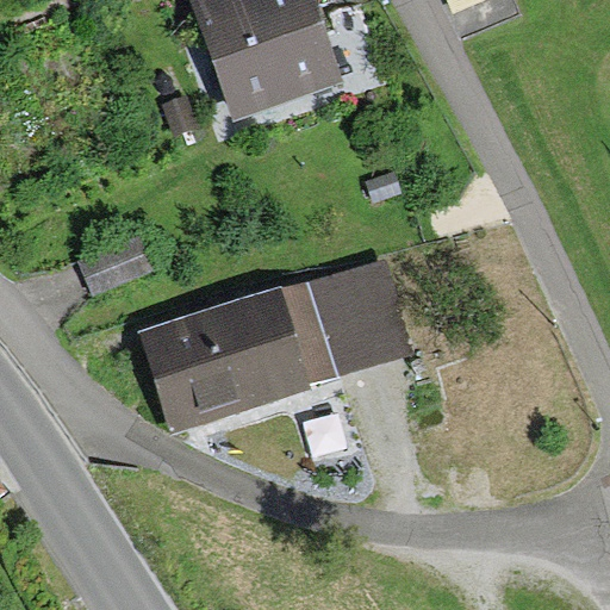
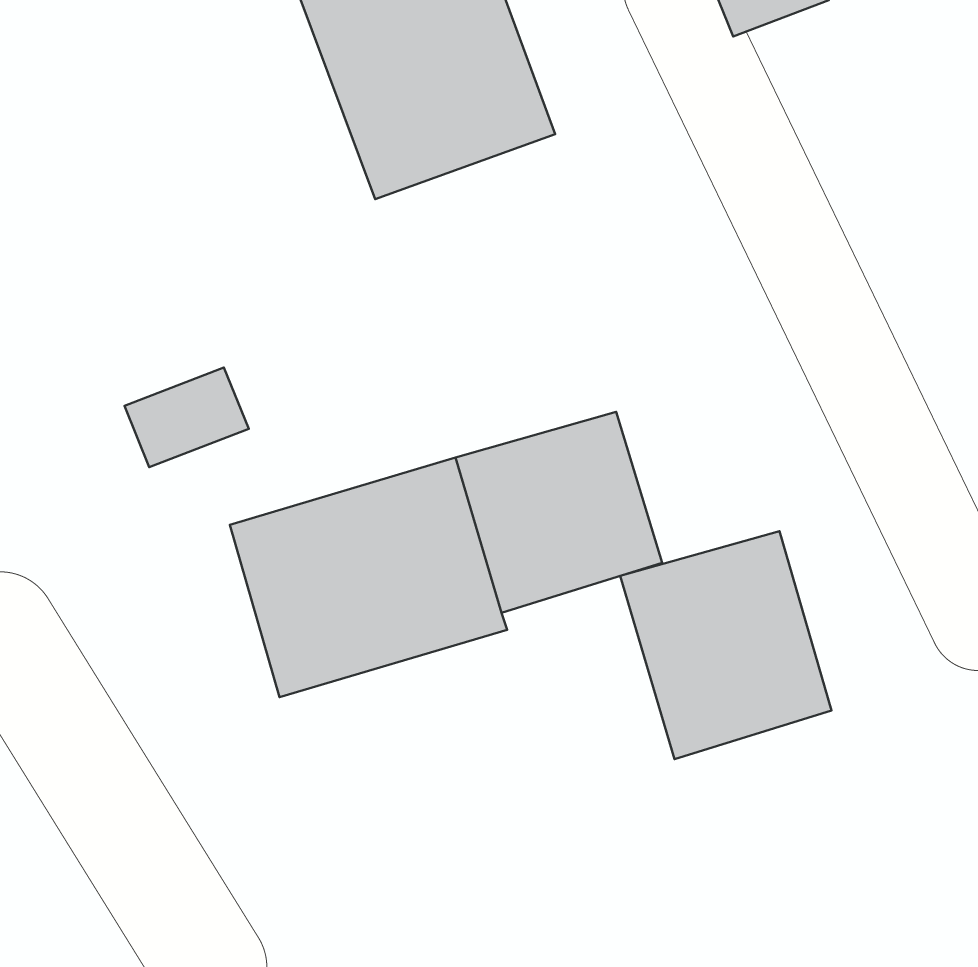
building: none -> [620,531,832,759]

